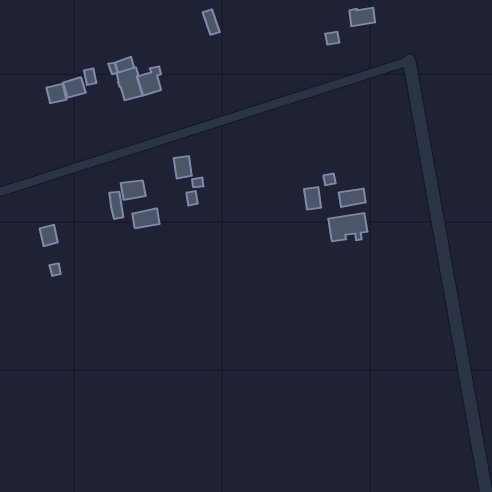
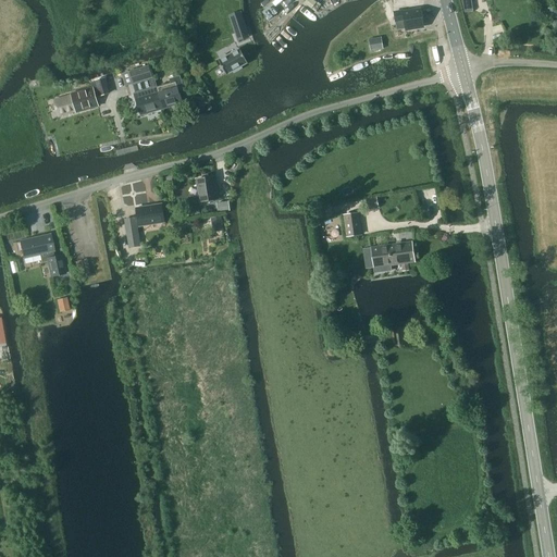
building: none -> [218,47,247,74]
building: [339,188,366,207] -> none
building: none -> [18,233,53,258]
building: [133,208,160,228] -> none

